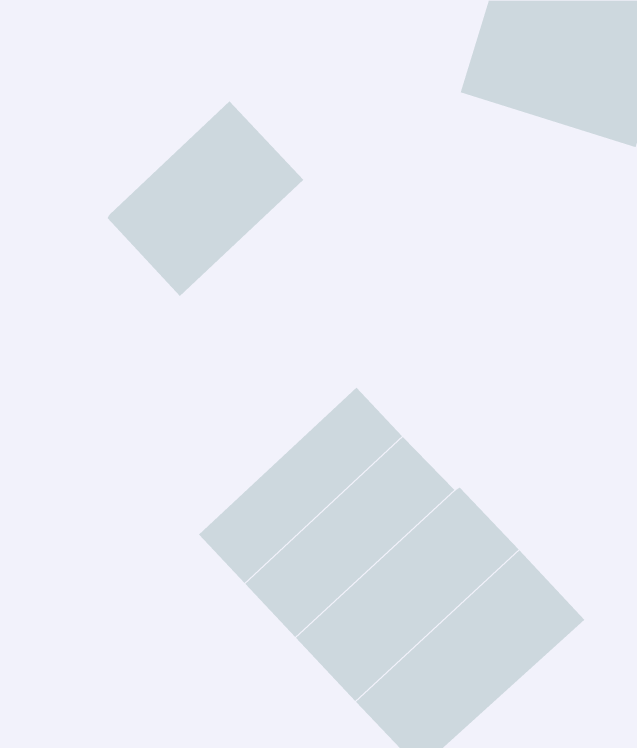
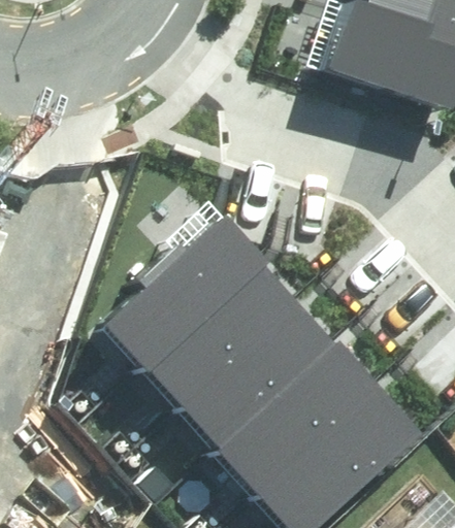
building: [107,101,304,297] -> none
building: none -> [97,217,254,369]

